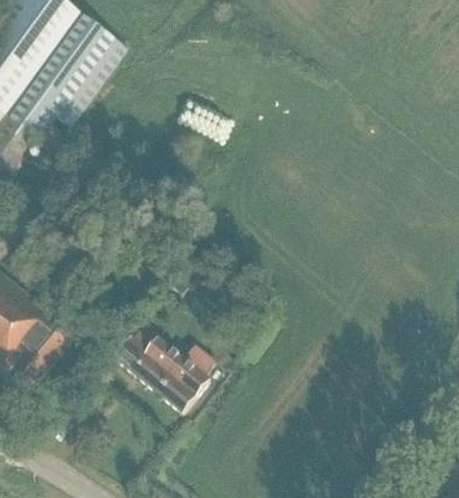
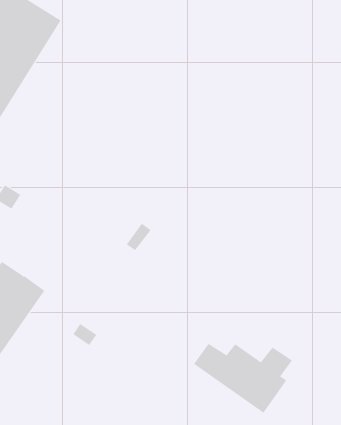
building: [122,332,225,408] -> [193,343,293,414]

